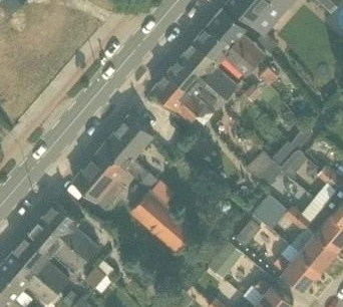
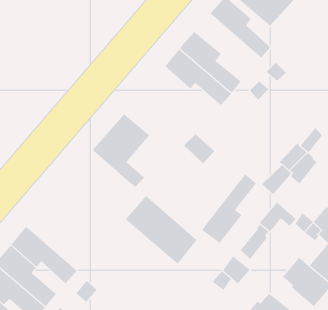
building: [194,25,255,77] -> none
building: [151,73,205,123] -> none
building: [72,149,133,211] -> none
building: none -> [201,174,257,244]
building: [40,203,97,260] -> none

